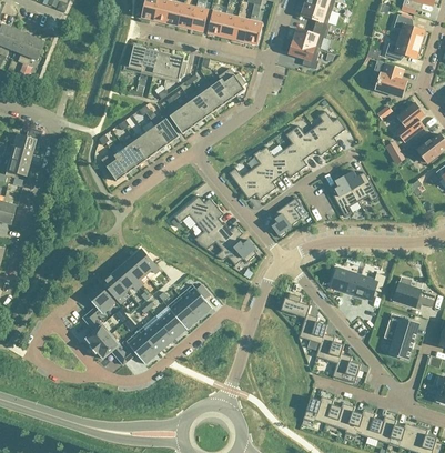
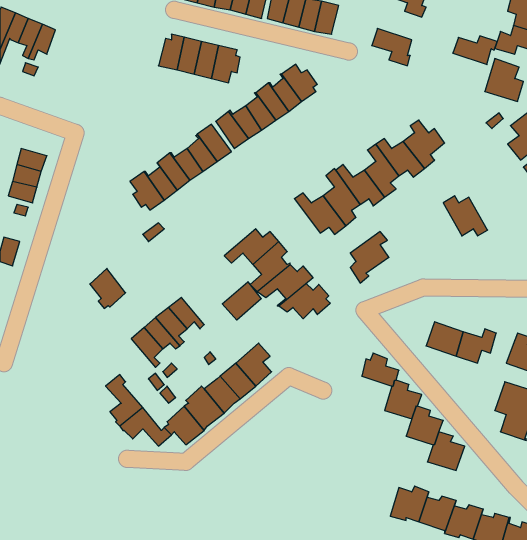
building: [293,27,327,49] -> [453,36,497,65]
building: [331,175,358,217] -> none
building: none -> [222,282,261,320]
building: [87,283,114,314] -> [90,268,126,308]

